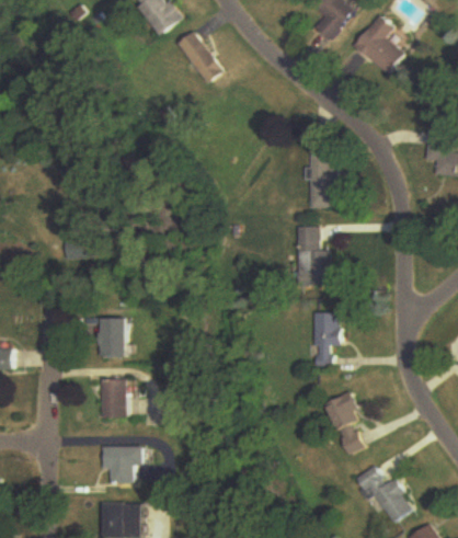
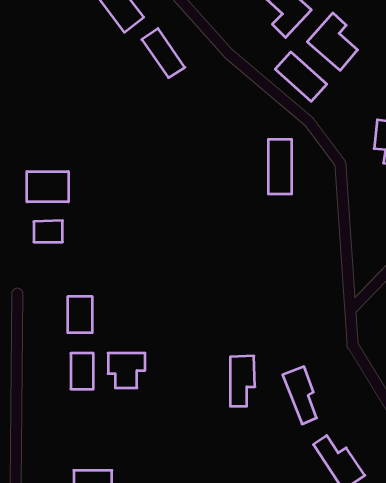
building: none -> [275,52,327,101]
building: none -> [27,171,68,202]
building: [295,227,331,287] -> none
building: [312,312,339,366] -> [230,356,255,406]
building: [102,446,141,483] -> [108,353,145,388]

